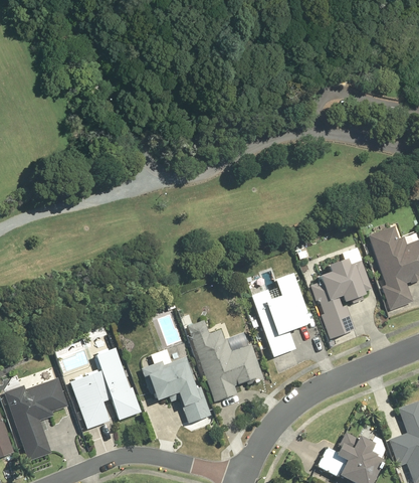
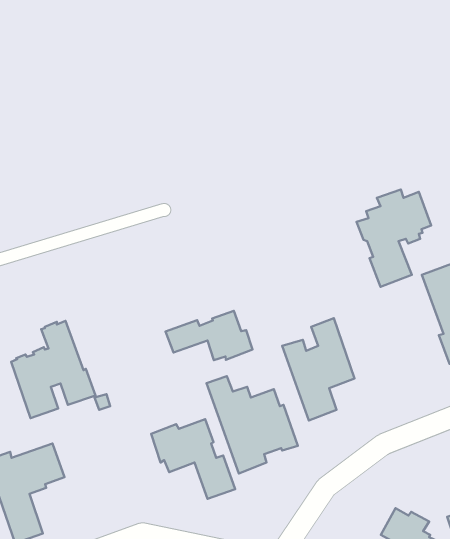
building: [310,259,373,340] -> [356,189,431,287]
building: none -> [166,311,252,360]
building: [70,347,141,429] -> [11,321,95,418]

